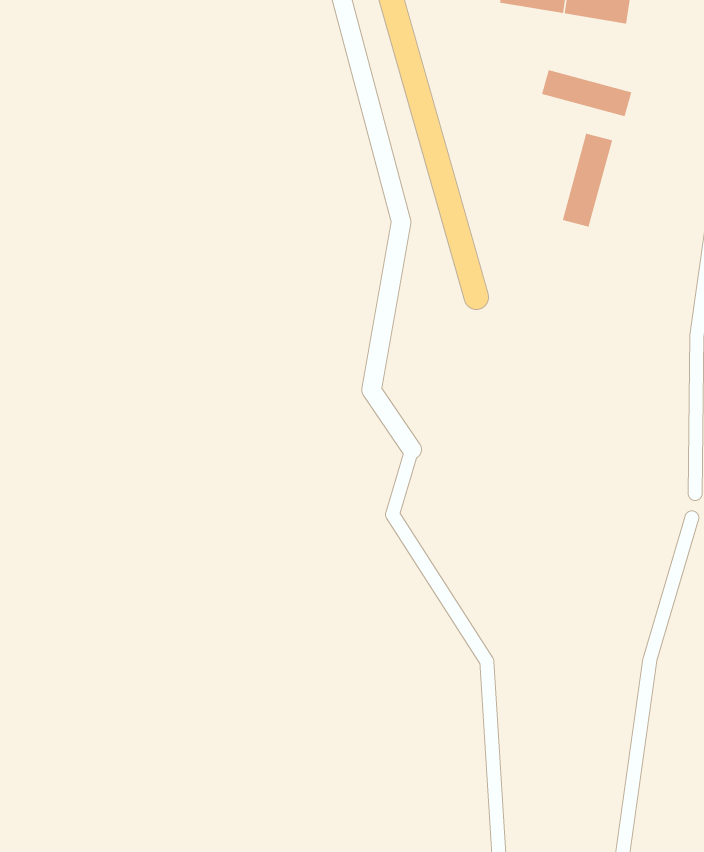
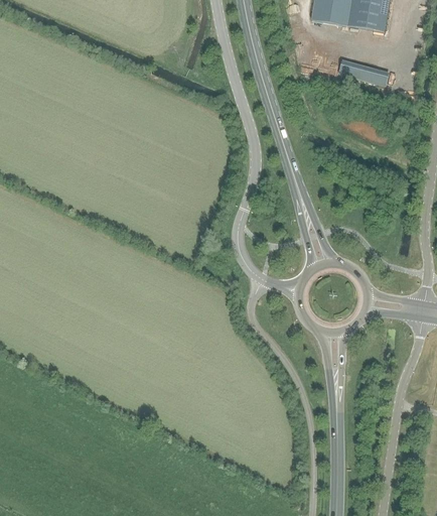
building: [562,133,613,228] -> none

